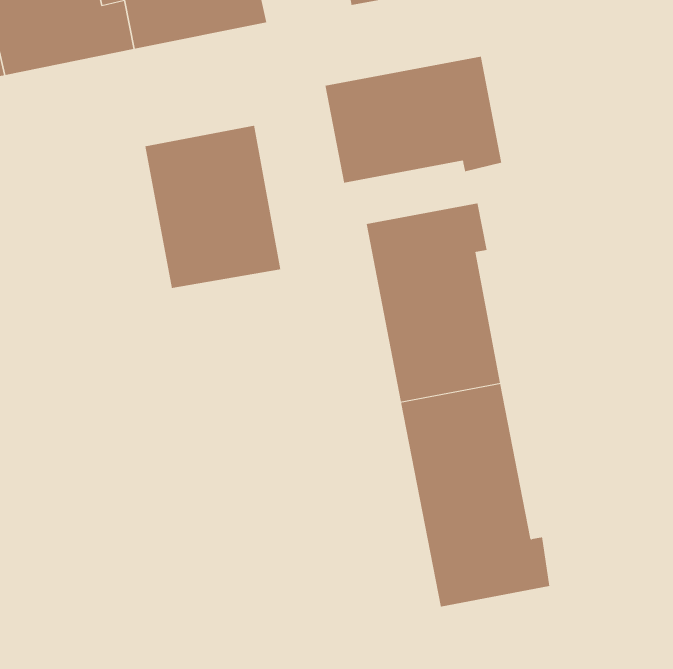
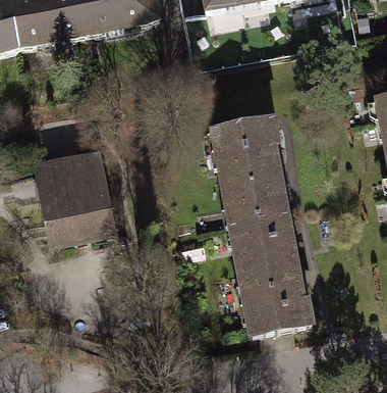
building: [325,56,502,184] -> none
building: [144,125,281,289] -> [39,153,112,241]

